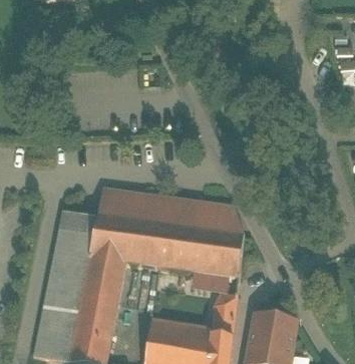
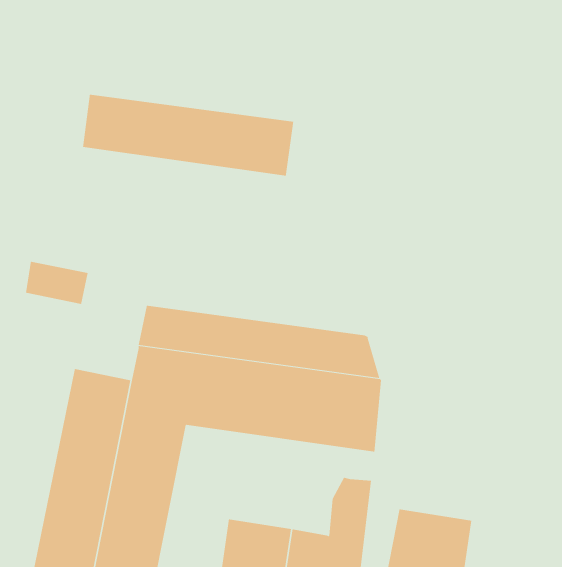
building: none -> [83,94,294,176]
building: [59,207,97,233] -> [25,261,89,305]
building: [190,271,227,292] -> none

